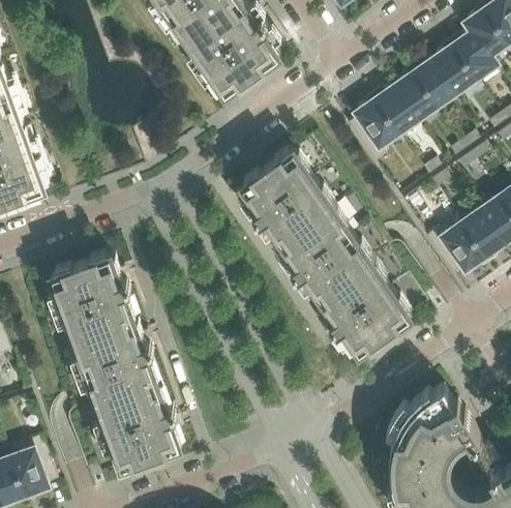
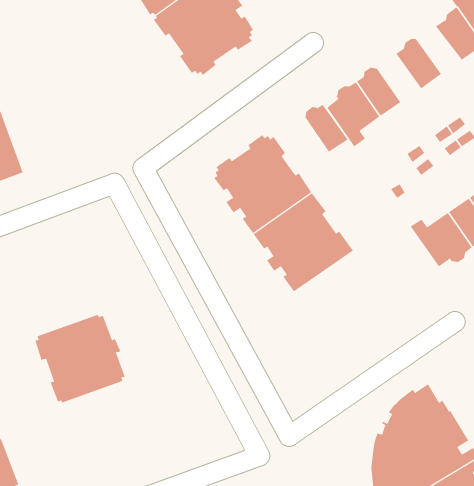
building: [429,49,472,93] -> none
building: [392,74,433,120] -> [304,104,348,153]
building: [47,253,132,340] -> none
building: [313,260,407,354] -> none
building: [92,383,179,470] -> none

